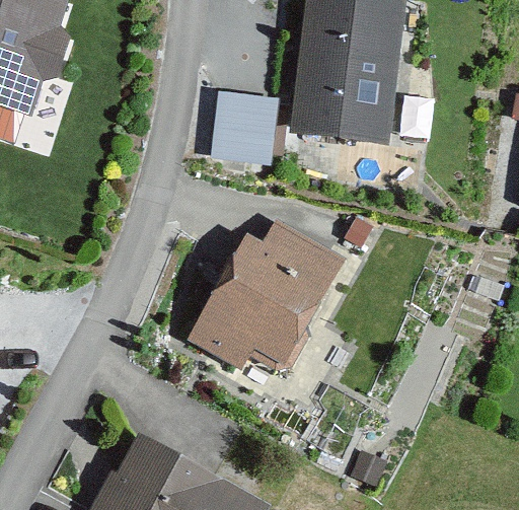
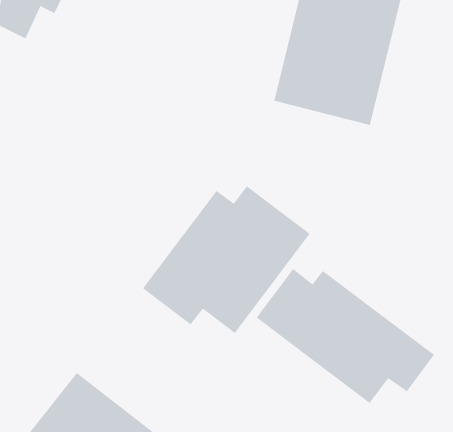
building: [213,90,276,165] -> none
building: none -> [256,268,435,404]

